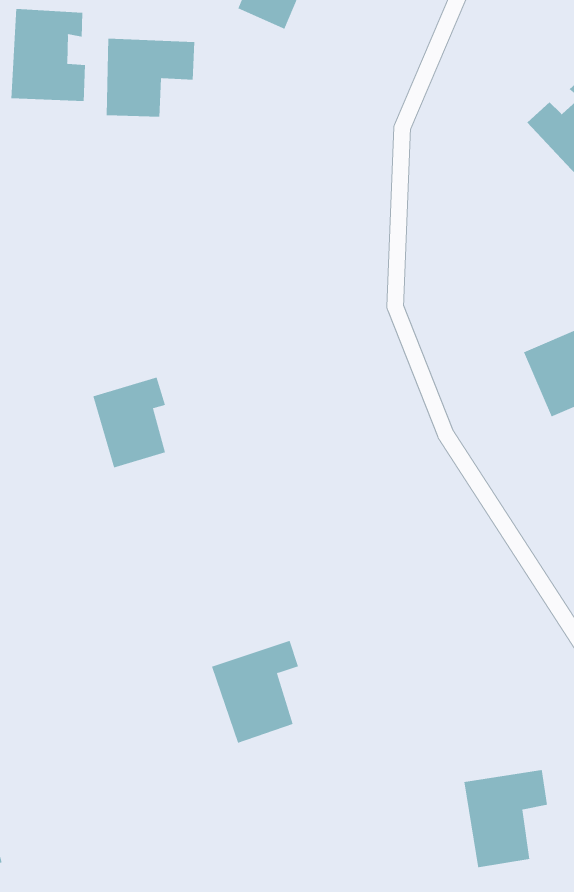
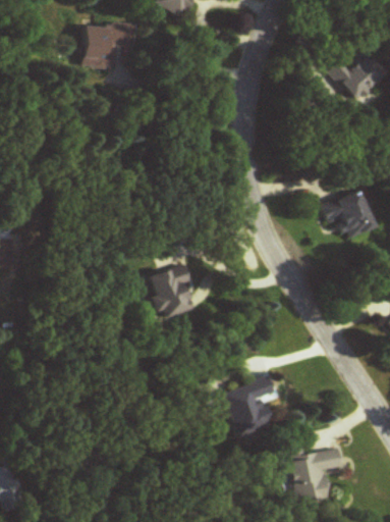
building: [11,8,85,102] -> none
building: [92,377,166,468] -> [147,266,189,319]
building: [211,640,299,744] -> [222,377,273,437]

